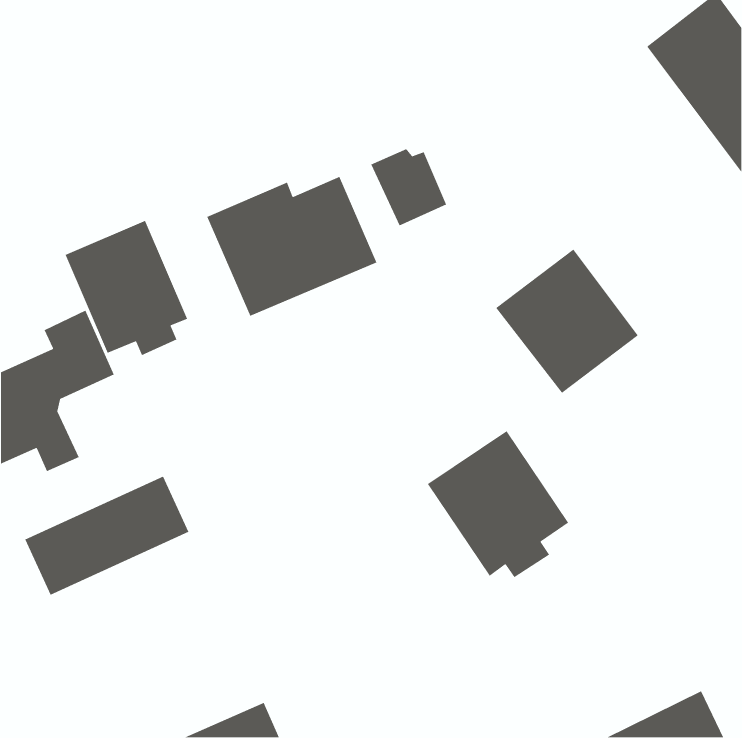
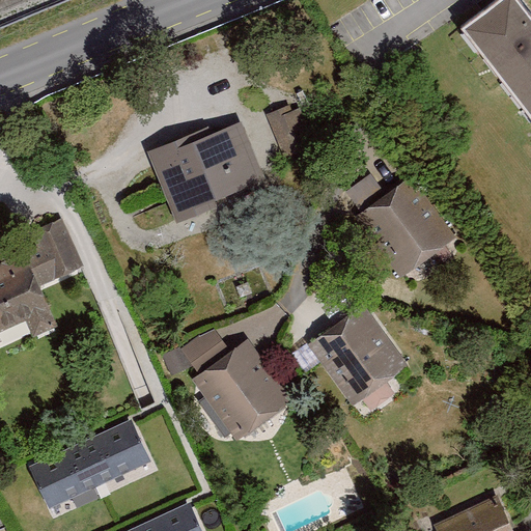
building: [65,220,188,356] -> none
building: none -> [179,328,290,444]
building: [24,475,190,596] -> [31,418,149,504]

